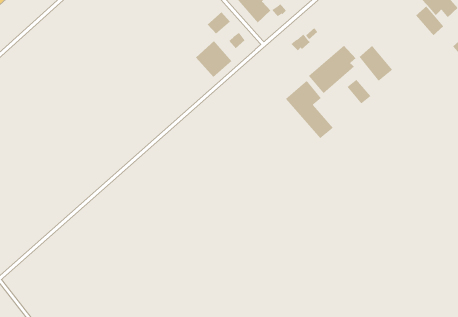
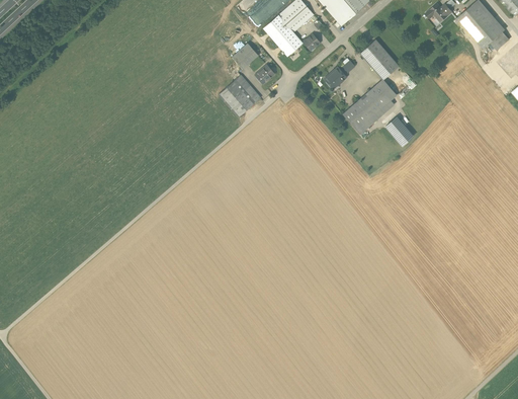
building: [415,6,444,36] -> none
building: [358,45,393,82] -> [361,38,400,79]
building: [285,80,334,139] -> none

